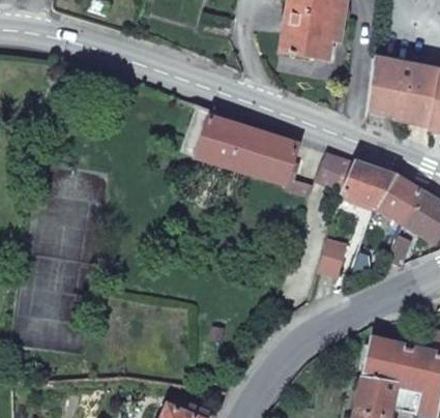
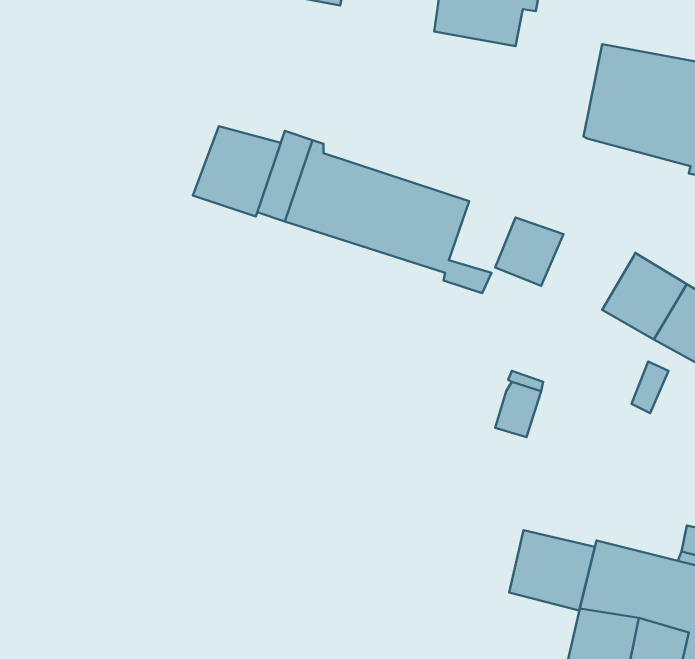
building: none -> [193,126,281,216]
building: [342,163,393,206] -> none
building: none -> [509,530,595,610]

